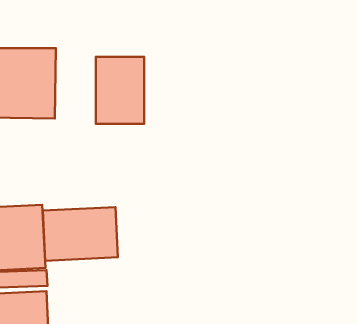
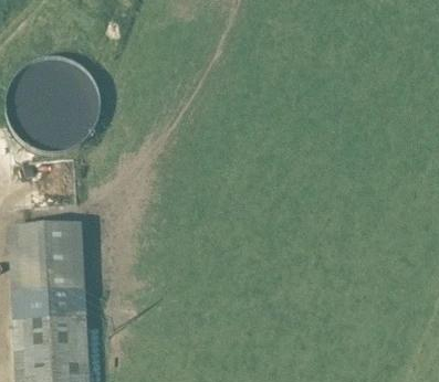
building: [96,57,144,124] -> none
building: [43,207,118,261] -> none

